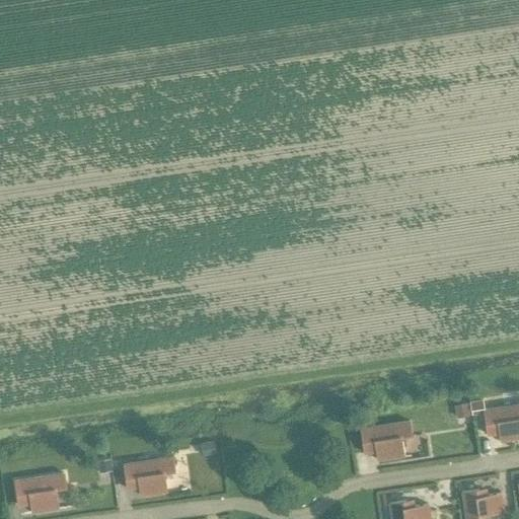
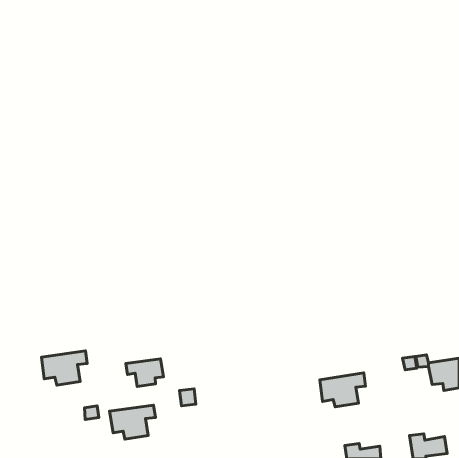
building: none -> [126,359,164,387]
building: [15,474,67,513] -> [42,351,87,385]

